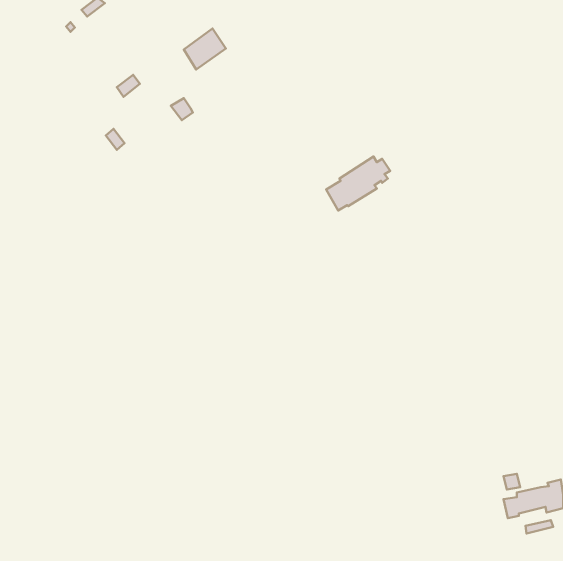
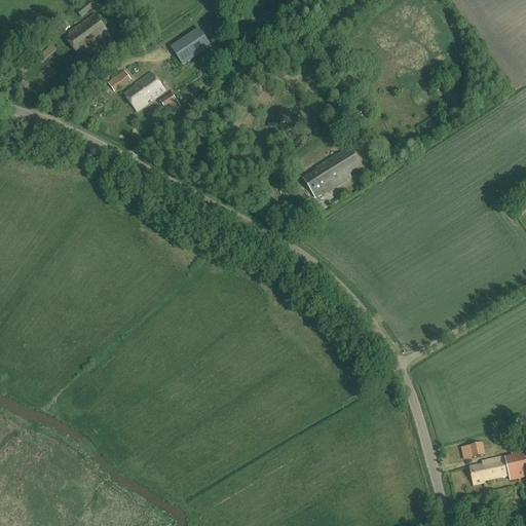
building: none -> [67,14,107,51]
building: none -> [124,71,164,110]

